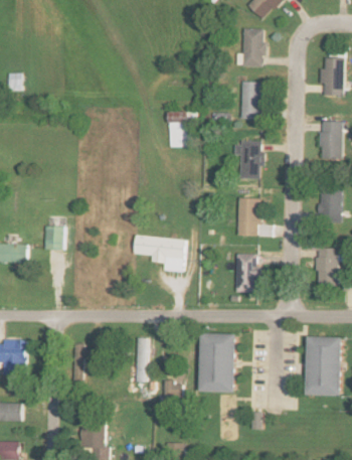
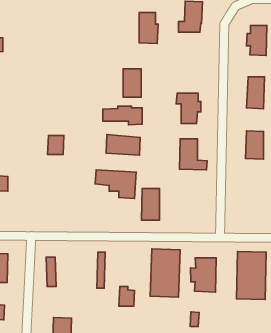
building: [241,81,265,119] -> [139,13,158,44]
building: none -> [103,106,142,125]
building: none -> [106,135,140,155]
building: [43,225,63,249] -> [48,136,64,154]
building: [316,247,338,285] -> none
building: [235,253,257,292] -> [141,188,159,220]
building: none -> [191,258,216,292]

